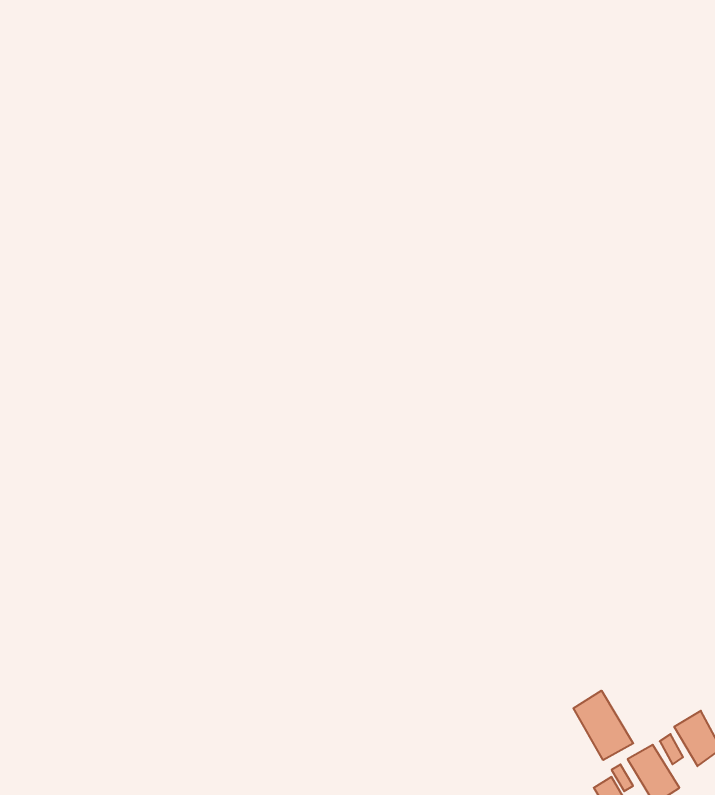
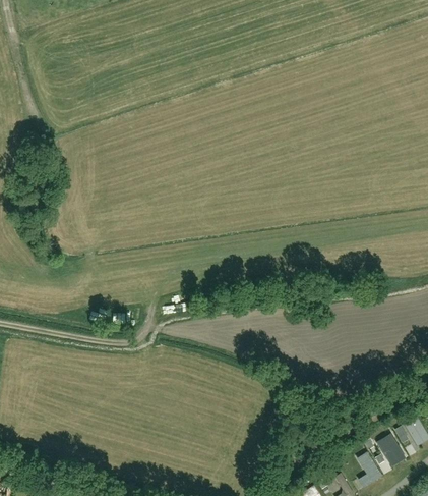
building: [573,691,633,760] -> none

